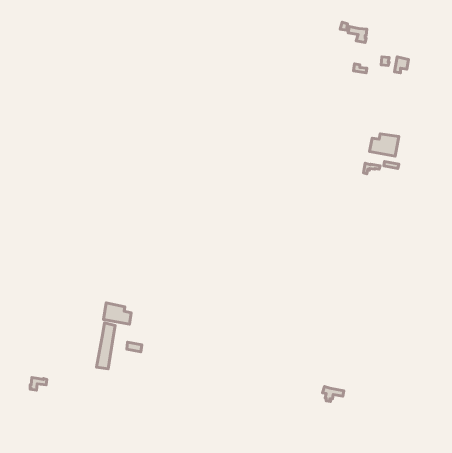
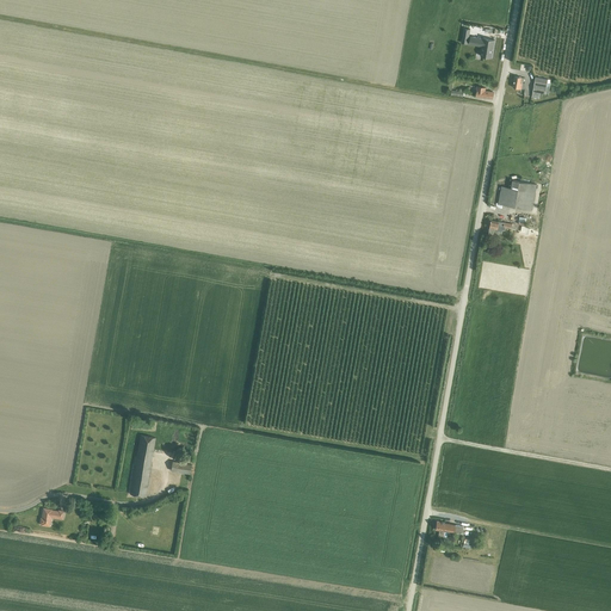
building: [104,303,131,324] -> none

